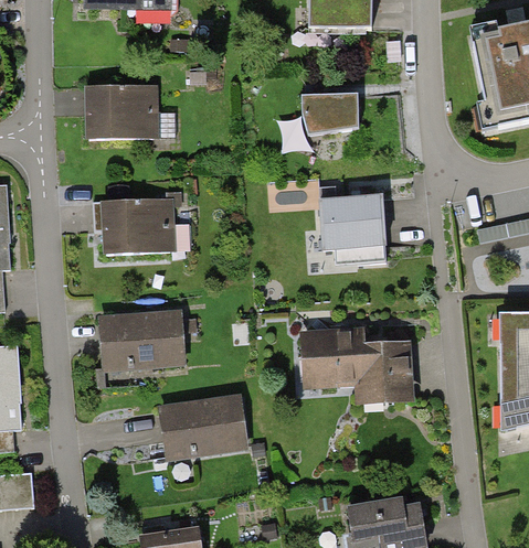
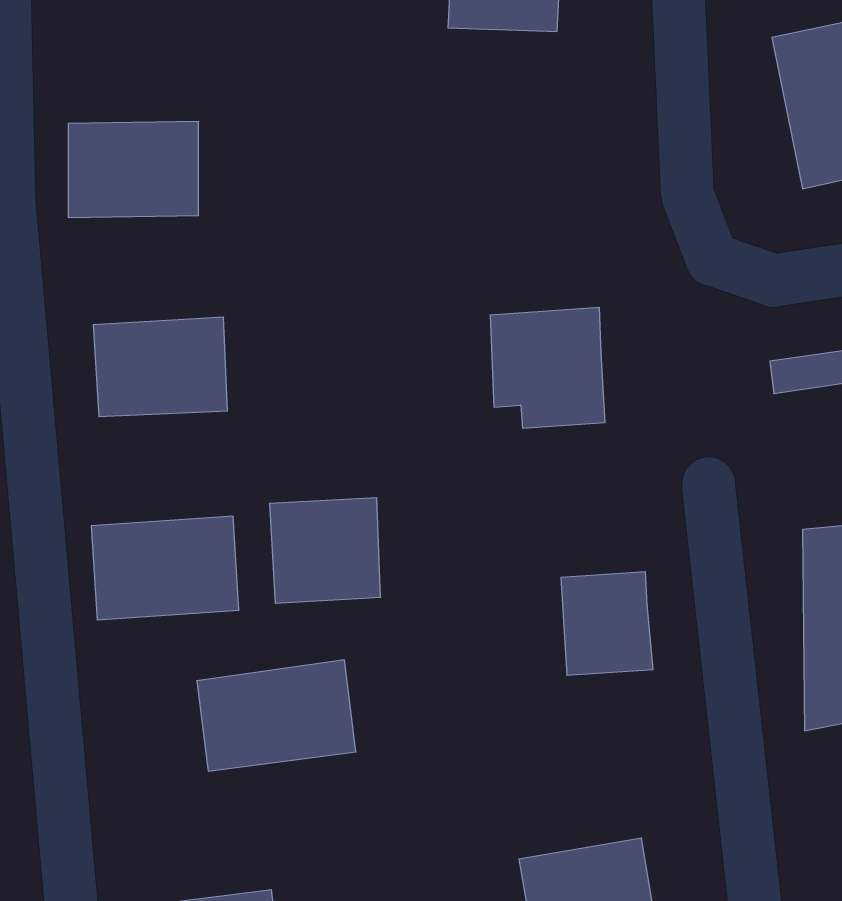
building: [292,92,349,137] -> none
building: [298,326,362,387] -> [269,498,381,603]

